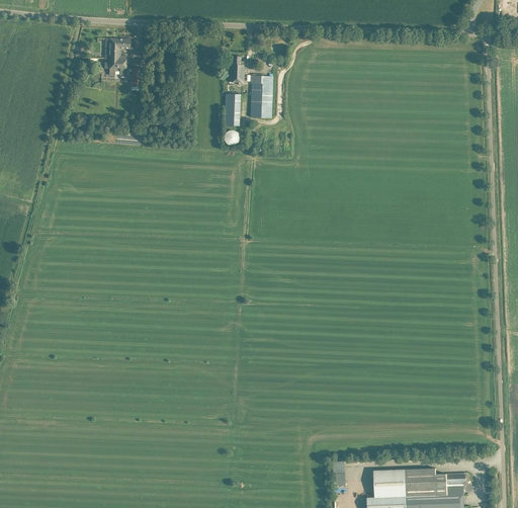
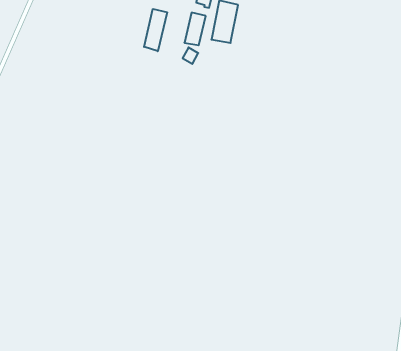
building: none -> [144,9,167,51]

